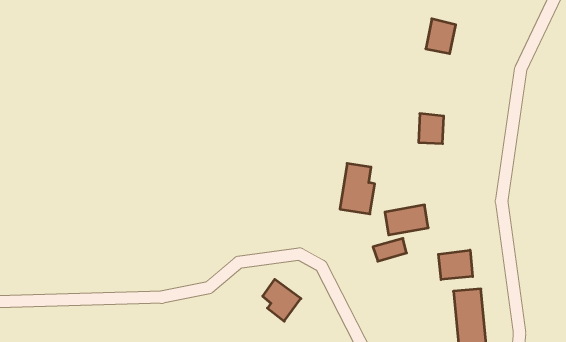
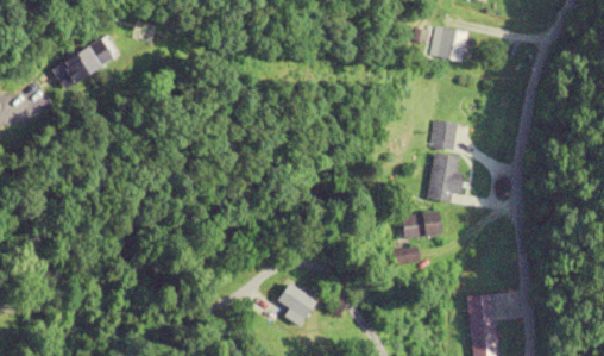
building: none -> [62,39,115,82]
building: [340,163,375,214] -> [428,152,463,202]
building: [438,250,473,280] -> none

